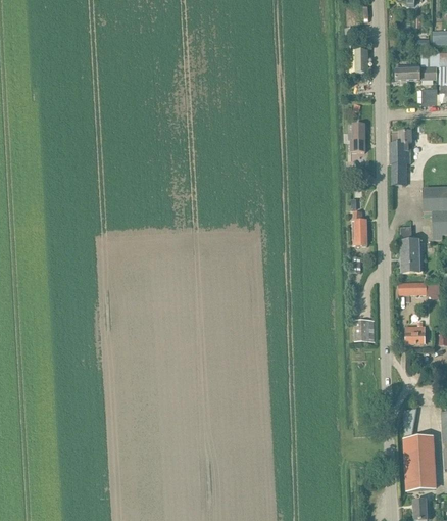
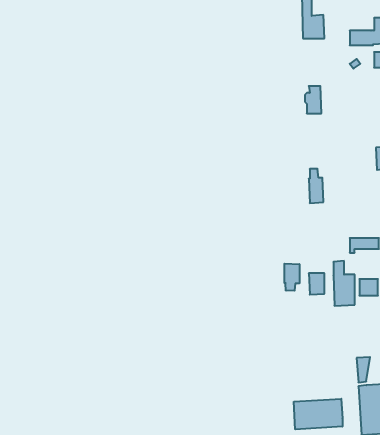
building: [390,131,412,184] -> none
building: [401,226,424,273] -> [333,261,355,306]
building: none -> [284,264,299,291]
building: none -> [294,399,342,429]

